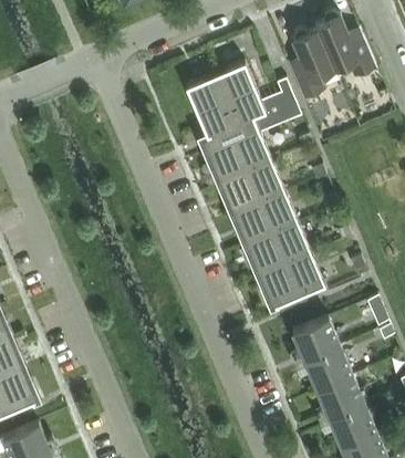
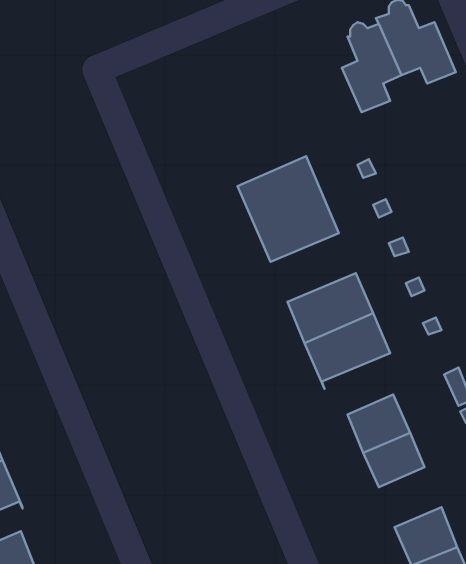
building: [186,62,304,156] -> none
building: [232,192,299,246] -> none
building: [316,374,365,420] -> none

